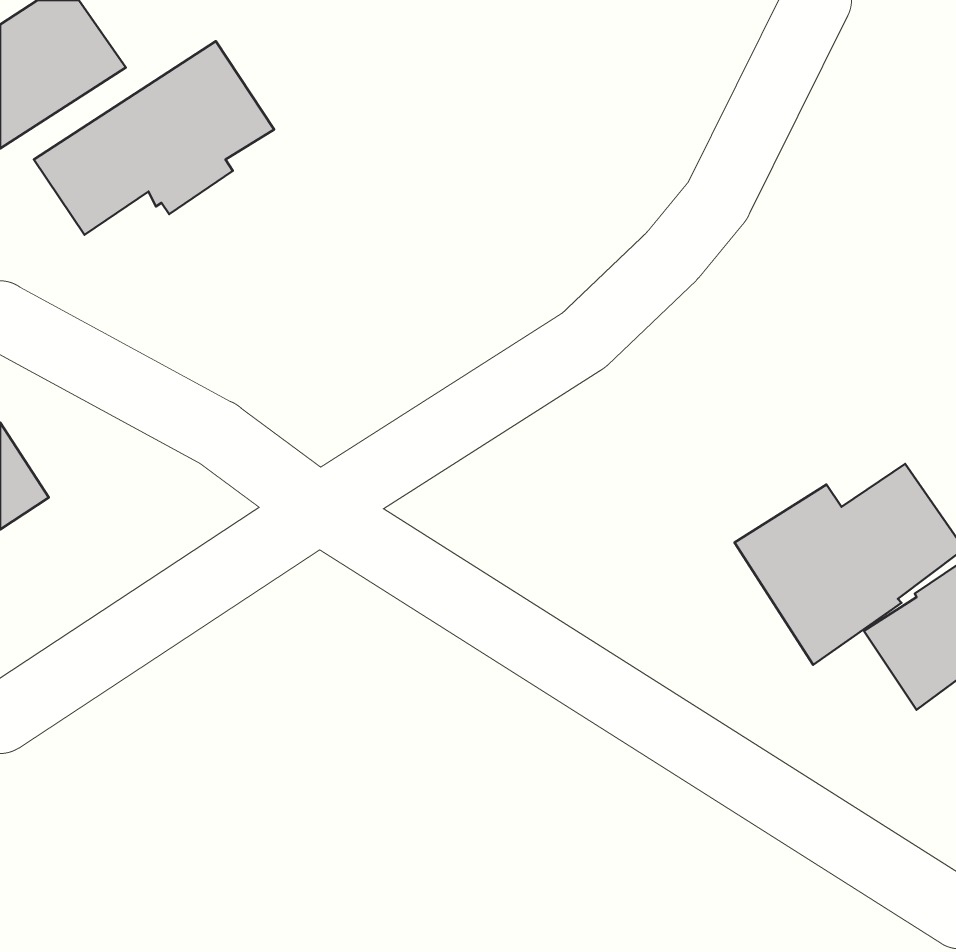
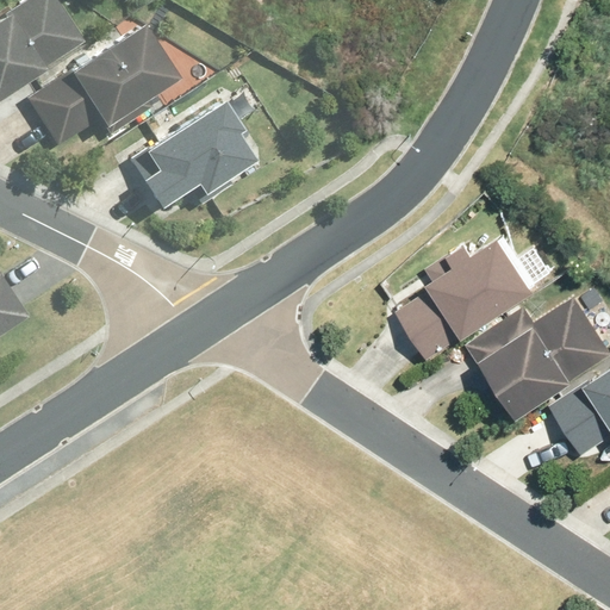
building: none -> [131,95,254,203]
building: none -> [397,235,533,359]

